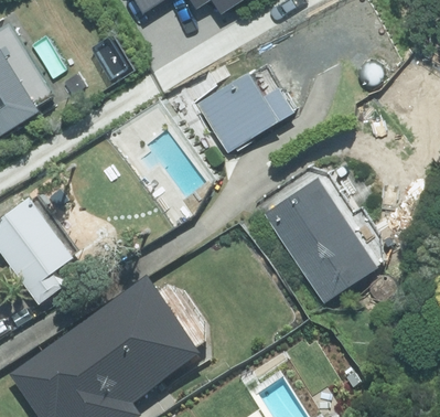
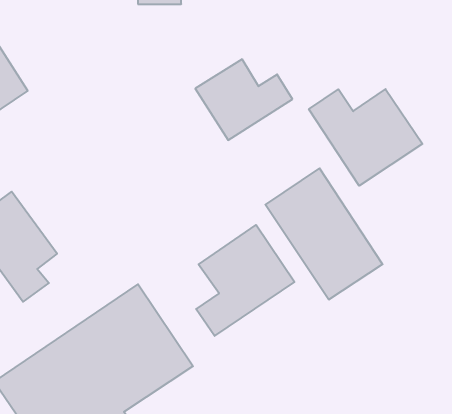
building: none -> [309,89,422,186]
building: none -> [196,225,294,336]

